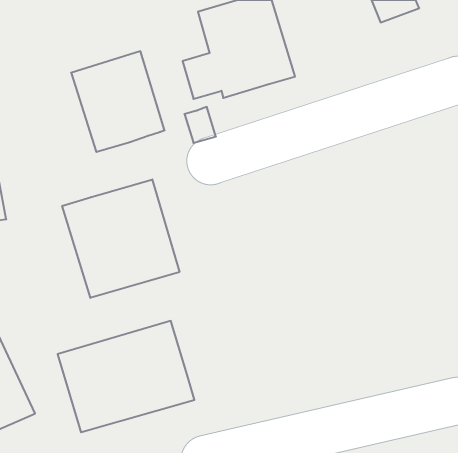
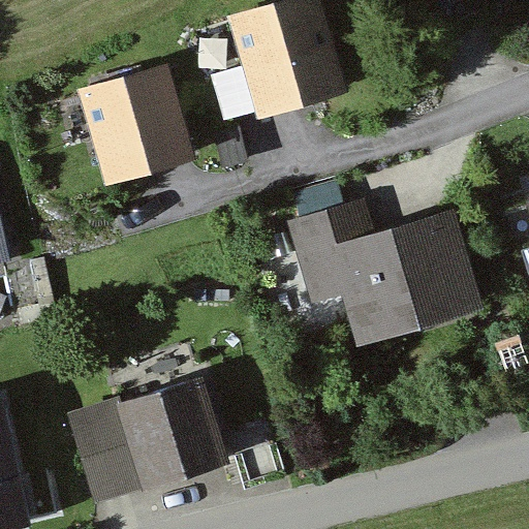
building: none -> [287,203,488,342]
building: [62,179,179,298] -> none

